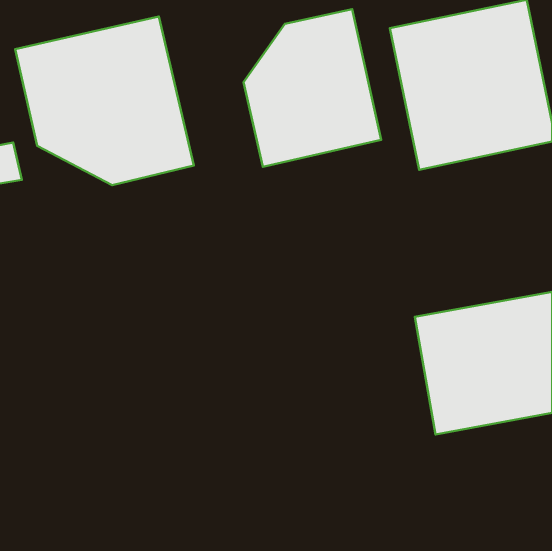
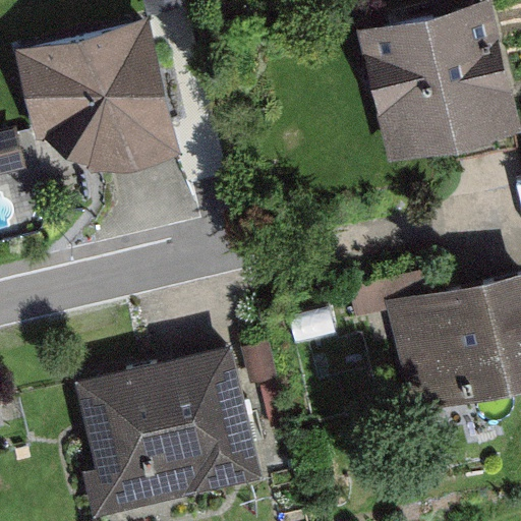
building: [244,9,381,167] -> none
building: none -> [76,348,262,511]

